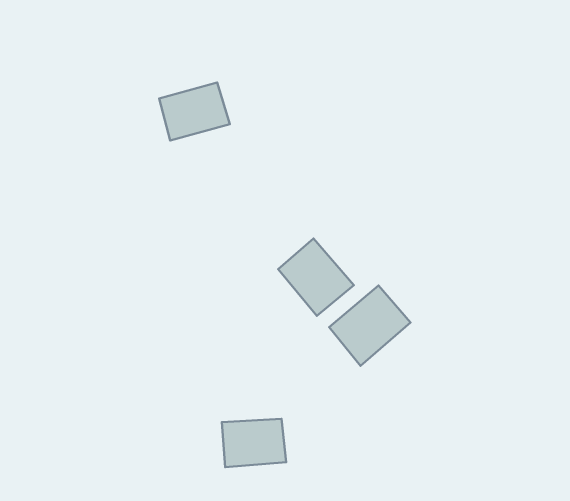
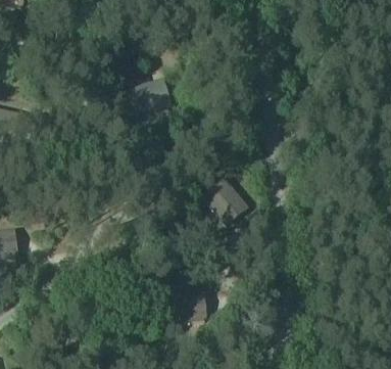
building: [329,285,411,366] -> none

